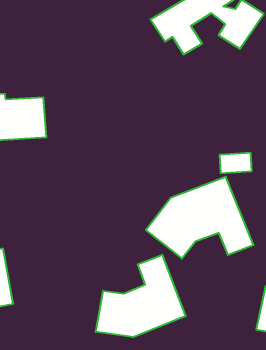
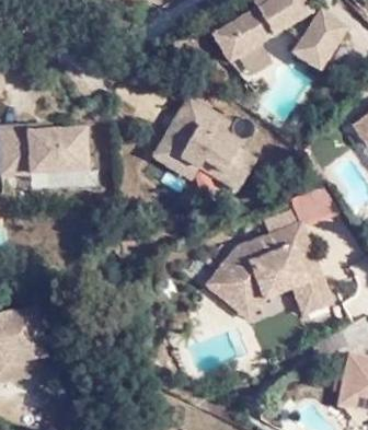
building: none -> [149,95,256,190]
building: [96,255,186,337] -> none

